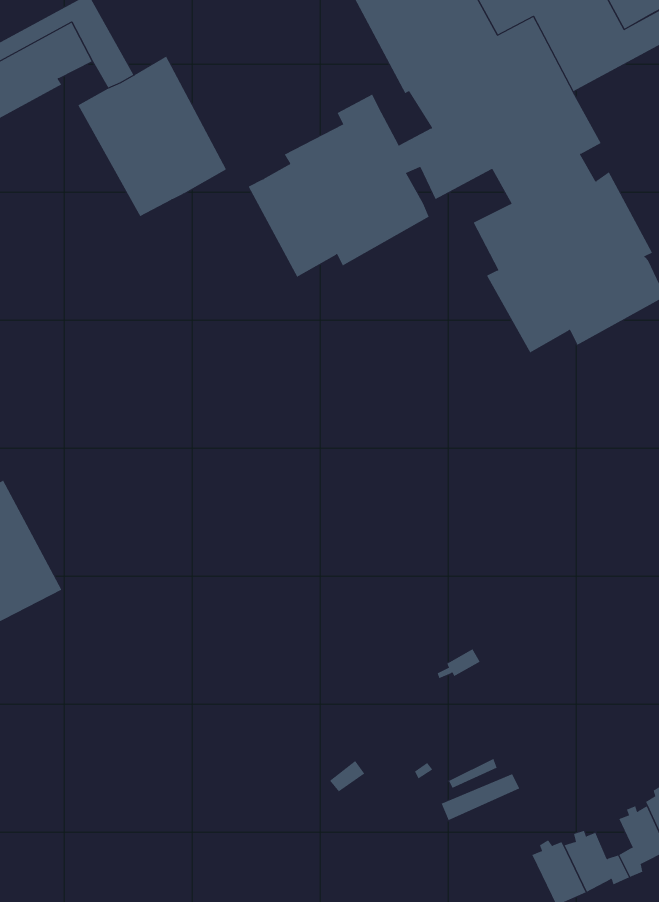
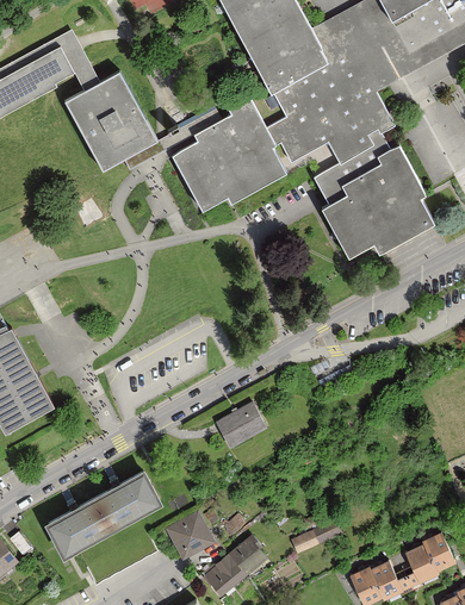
building: none -> [215,401,264,447]
building: none -> [44,469,161,556]
building: none -> [165,513,212,557]
building: none -> [203,532,266,594]

